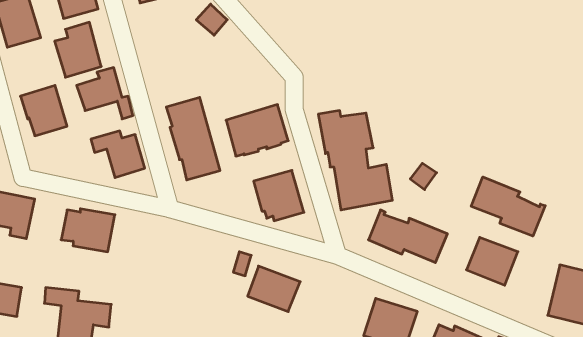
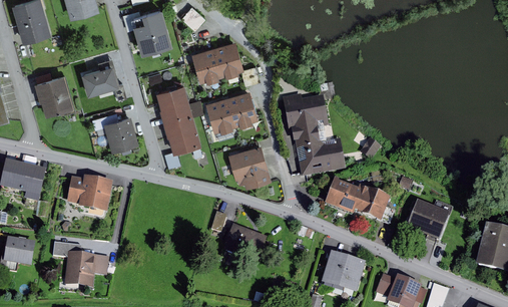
building: [55,22,101,77] -> [131,6,170,52]
building: none -> [191,40,262,85]
building: [471,177,545,236] -> none

